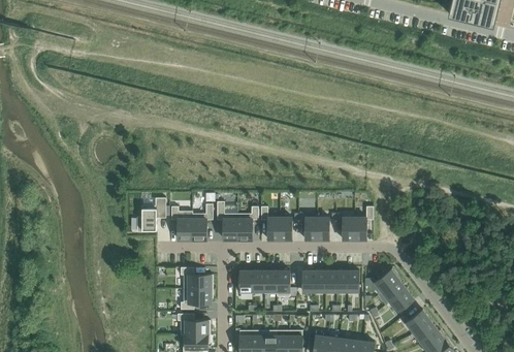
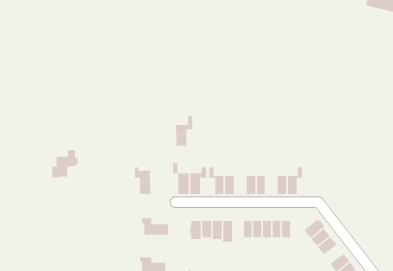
building: [136,197,168,231] -> [52,149,78,178]
building: [191,203,213,239] -> [175,116,193,146]
building: [180,288,213,310] -> none

